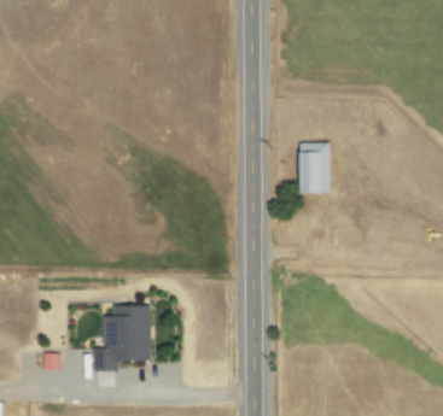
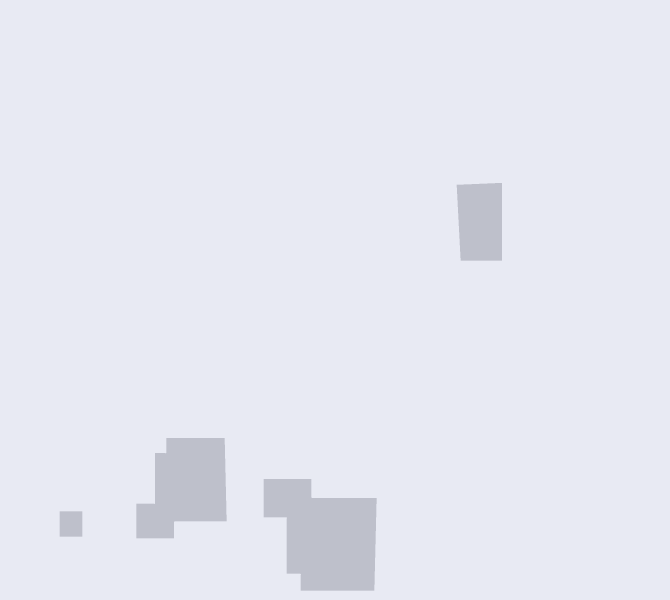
building: none -> [263,478,377,591]

